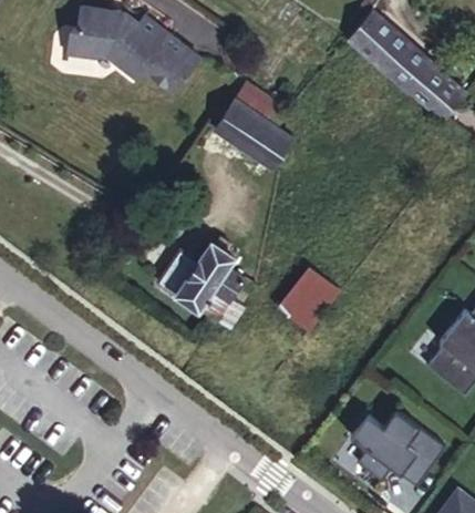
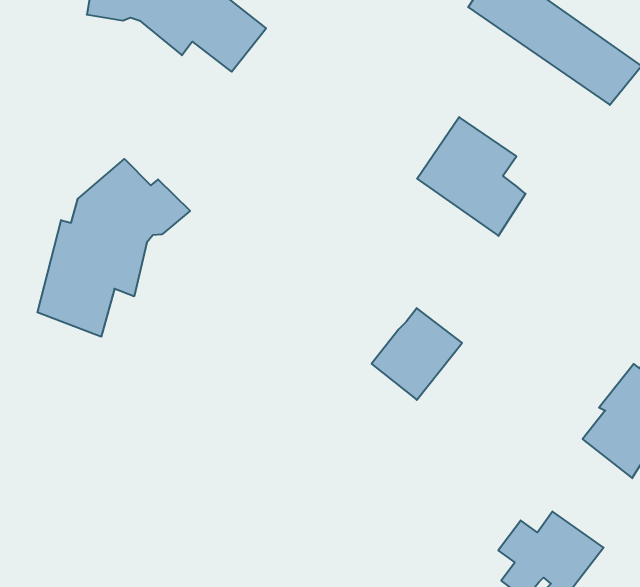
building: [214,84,293,172] -> [417,117,526,236]
building: none -> [37,159,190,337]
building: [155,236,244,322] -> none

